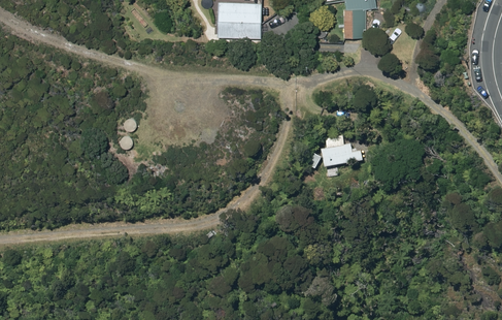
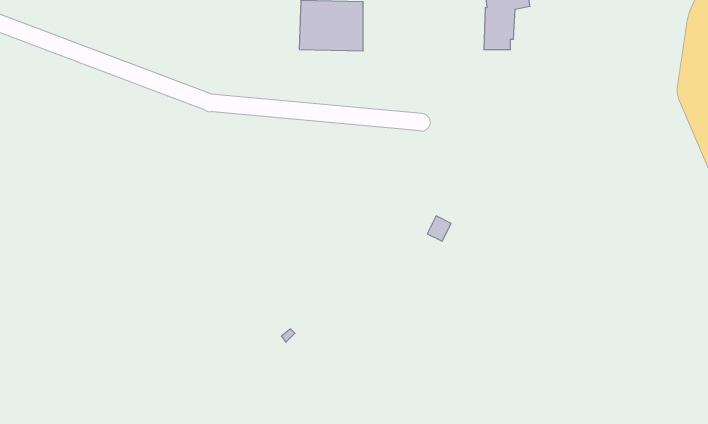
building: [322,135,362,168] -> none

